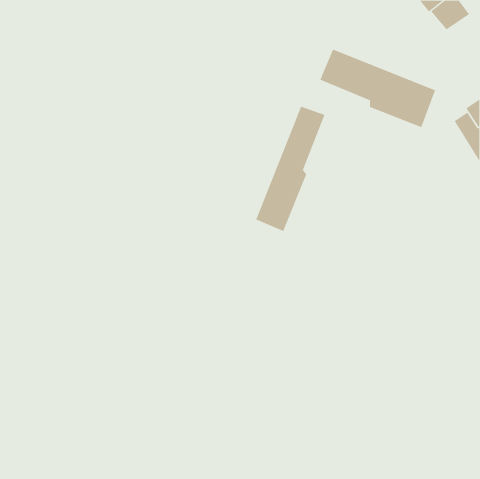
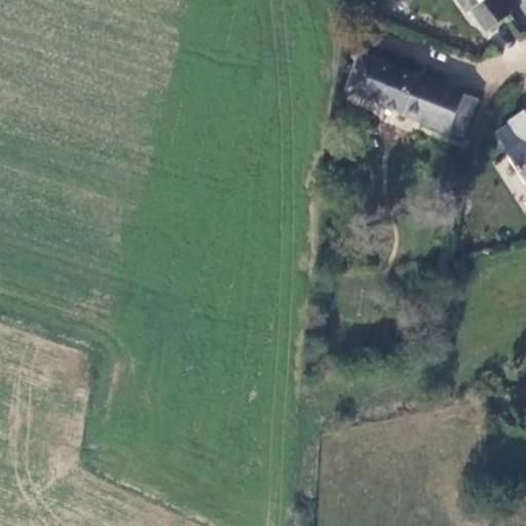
building: [255,106,325,232] -> none

